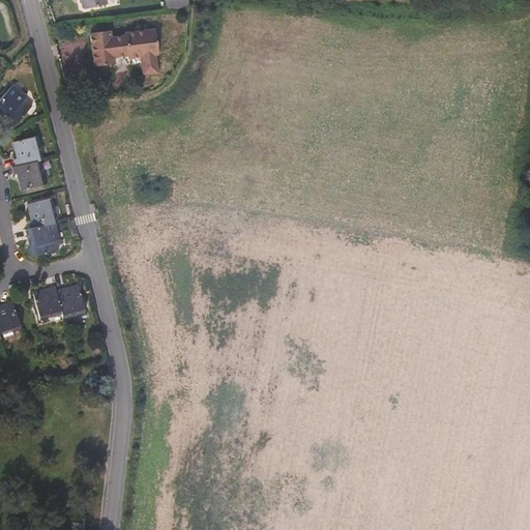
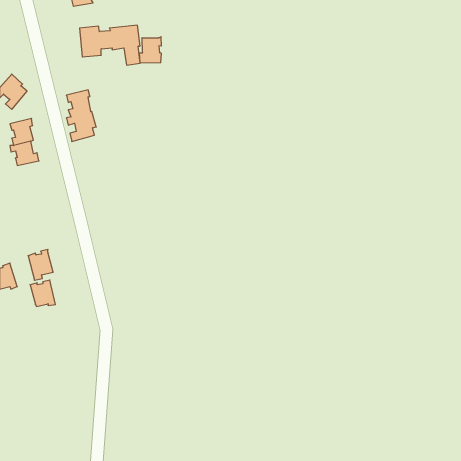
building: none -> [140,37,161,63]
building: [26,198,60,257] -> [66,90,96,141]
building: [55,284,84,314] -> [30,280,55,306]

